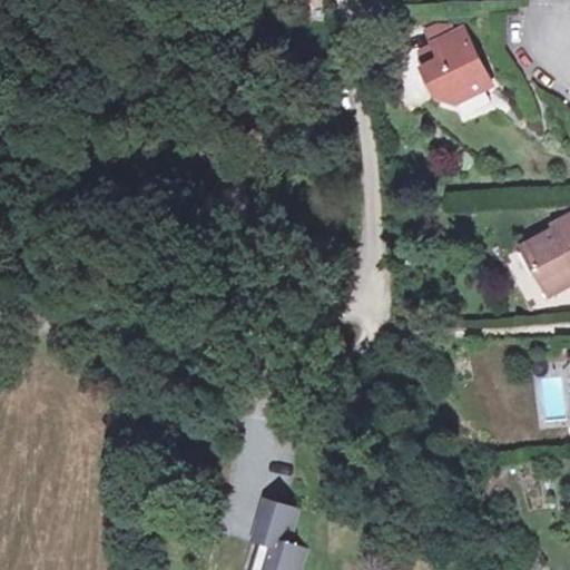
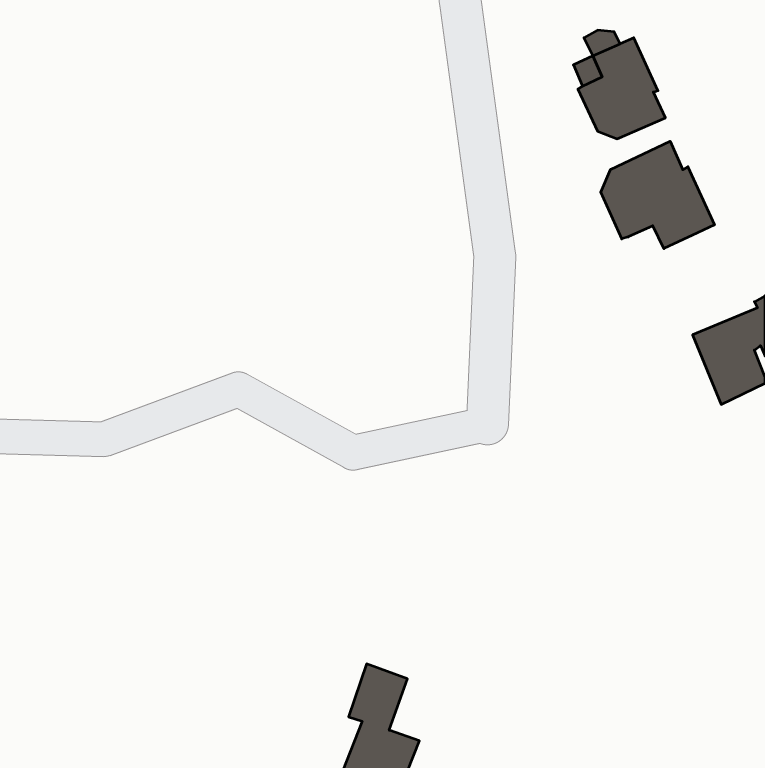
building: none -> [601,141,714,249]

